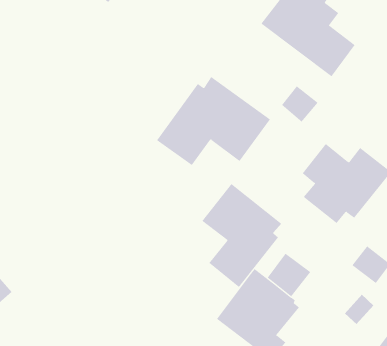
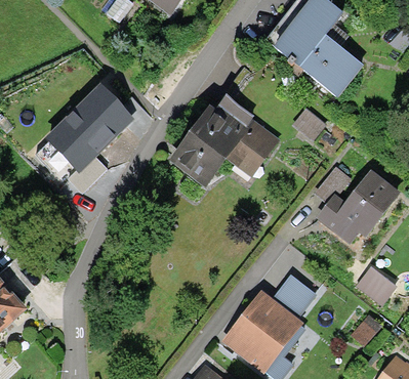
building: none -> [45,86,134,197]
building: [202,183,282,288] -> none

